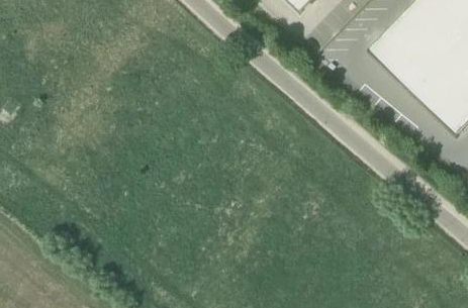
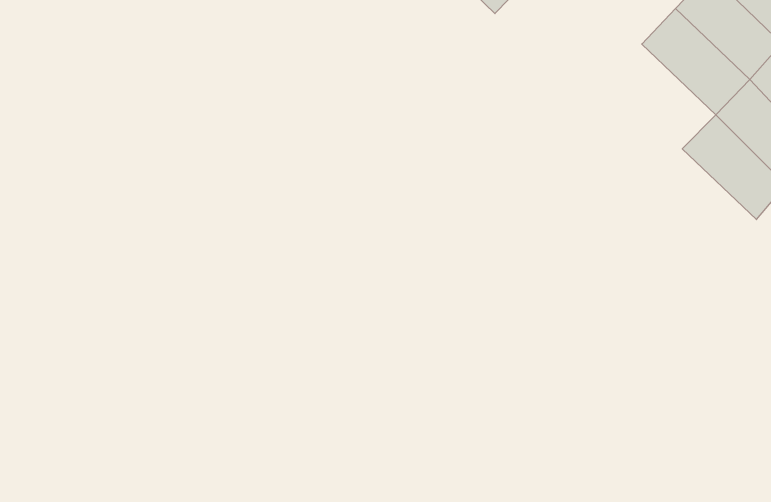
building: [367,29,432,92] -> none

